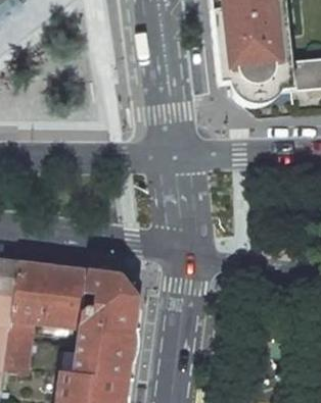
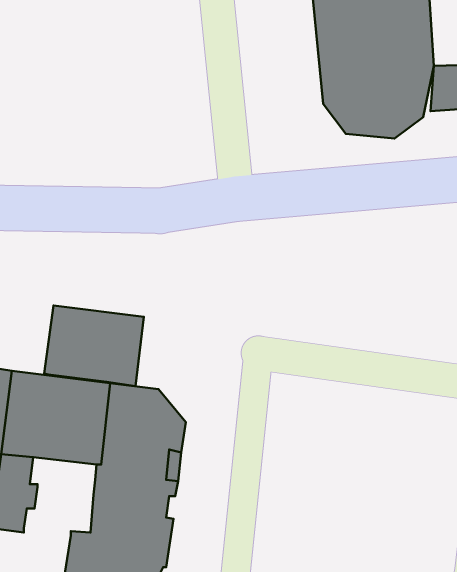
building: none -> [44,306,144,386]

